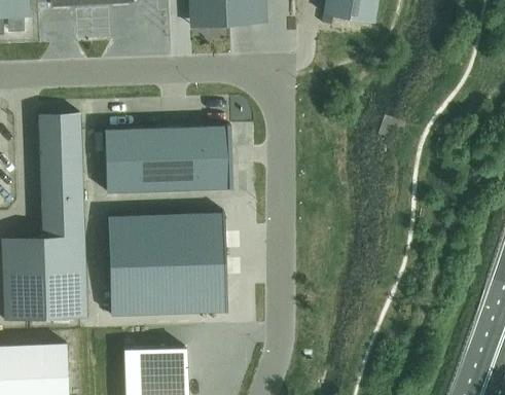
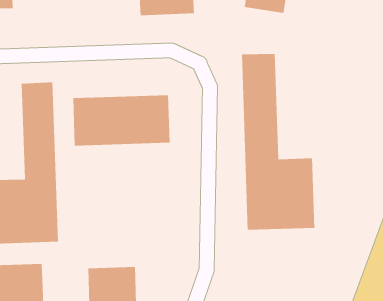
building: none -> [241,53,315,231]
building: [108,214,226,317] -> none

